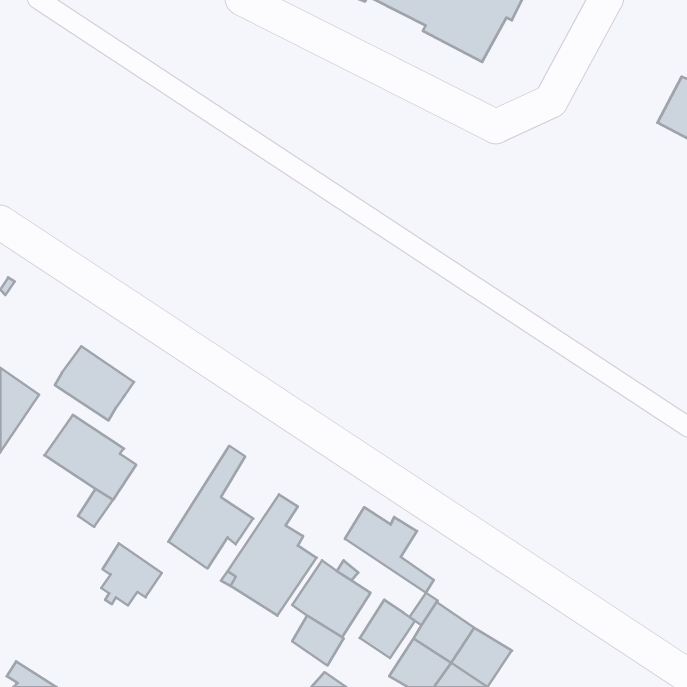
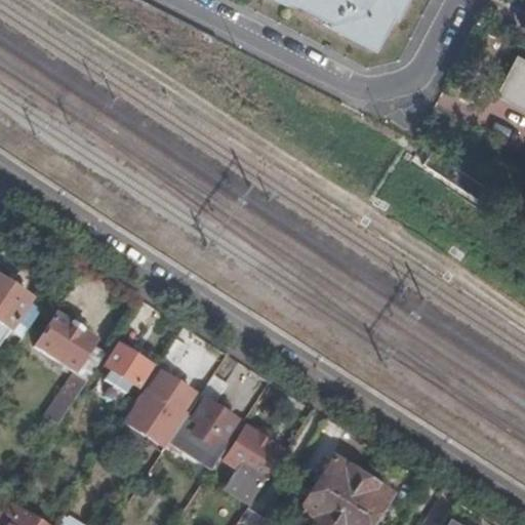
building: [55,346,134,420] -> none
building: [345,507,434,593] -> none
building: [101,543,162,605] -> [105,345,151,392]
building: [360,600,415,658] -> none

